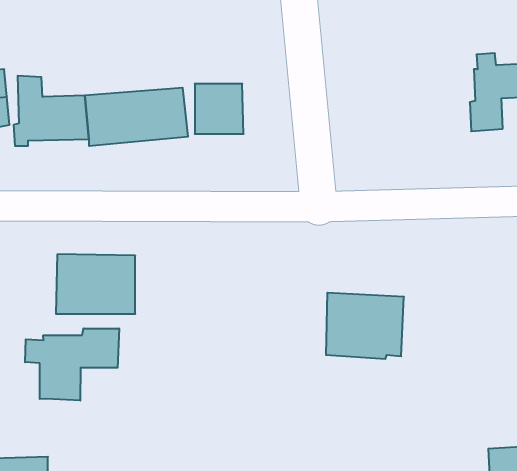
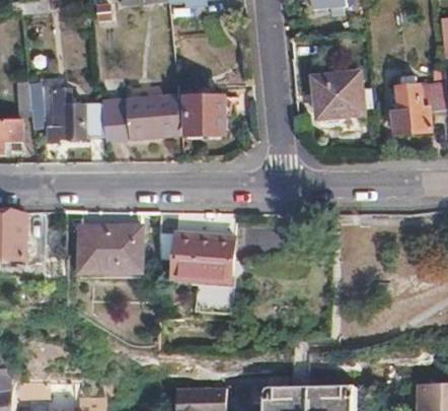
building: none -> [314,71,364,116]
building: [326,293,404,359] -> [174,229,234,280]
building: [25,328,119,401] -> none

